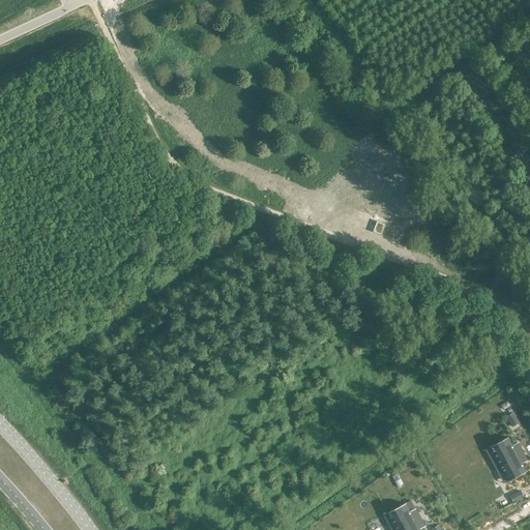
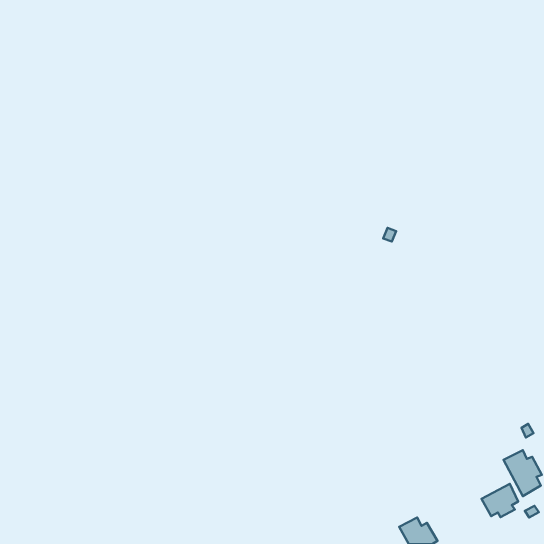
building: none -> [482,484,518,517]

